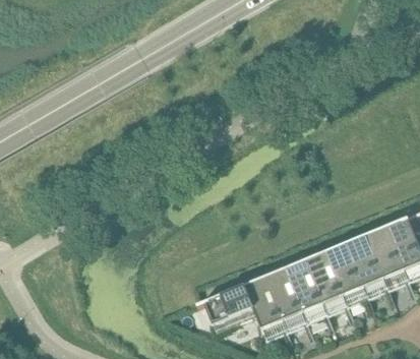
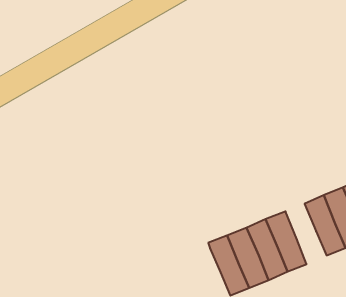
building: [326,242,370,306] -> none
building: [197,284,257,333] -> none

